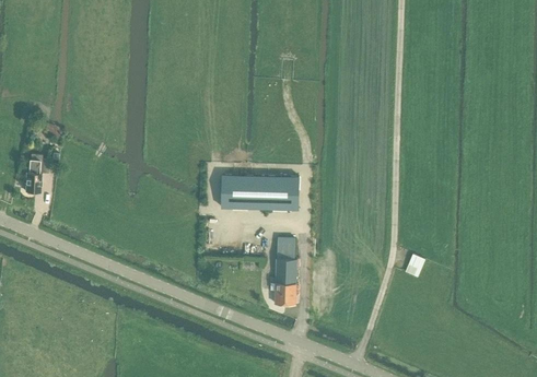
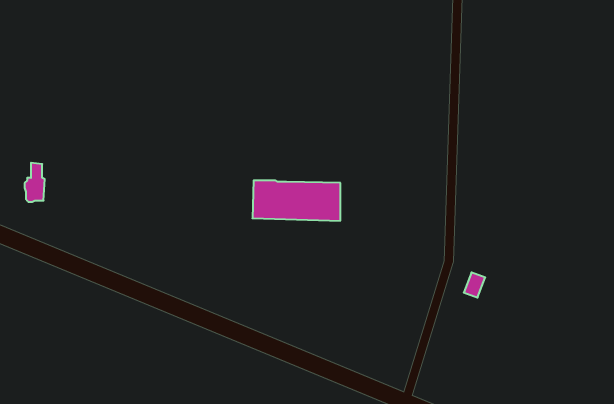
building: [275,239,296,306] -> none

